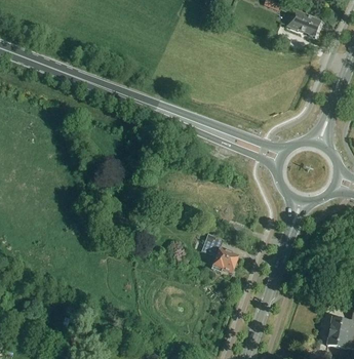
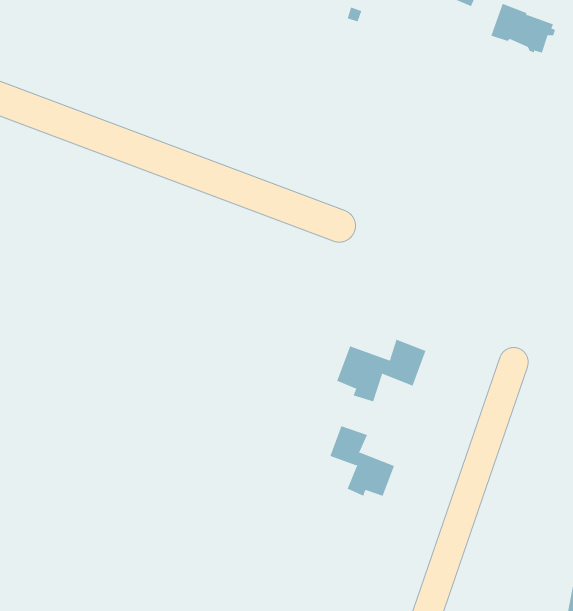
building: none -> [336,339,426,402]

